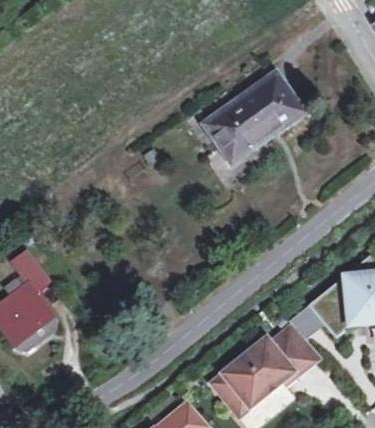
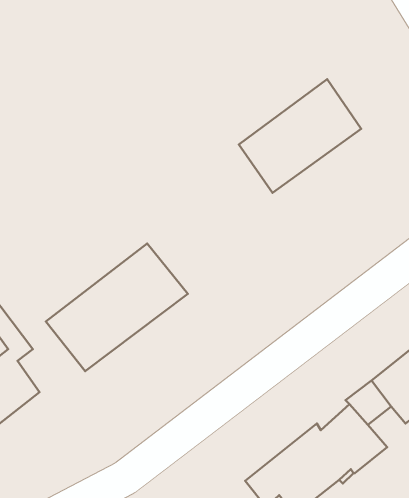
building: none -> [46,243,188,371]

